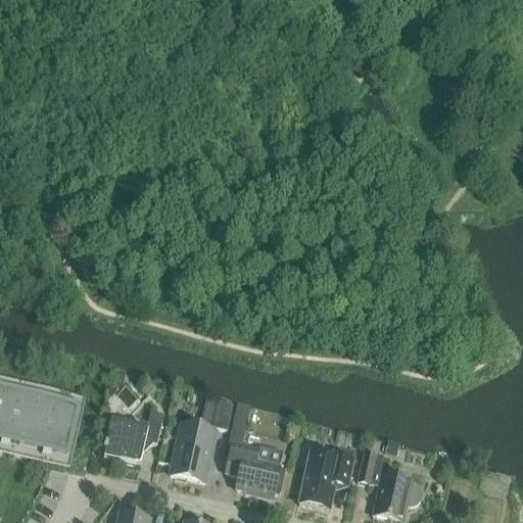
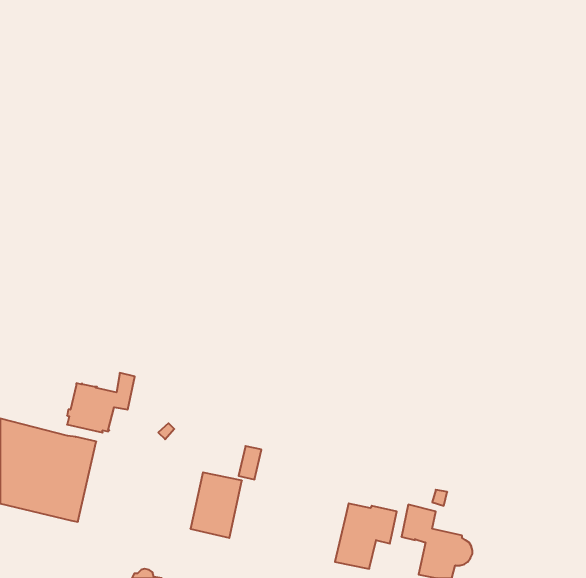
building: [225,401,285,494] -> none
building: [103,408,163,461] -> [67,373,135,433]

